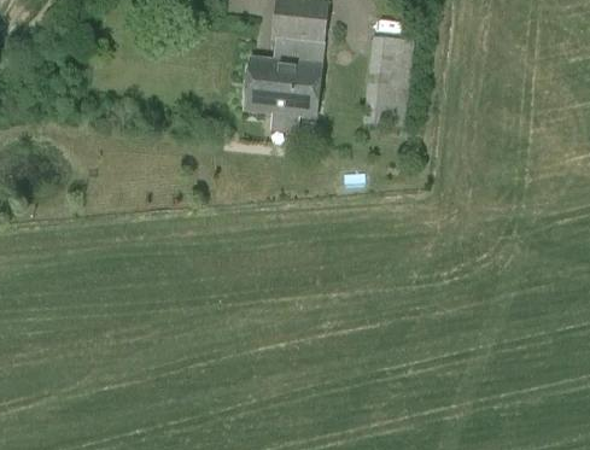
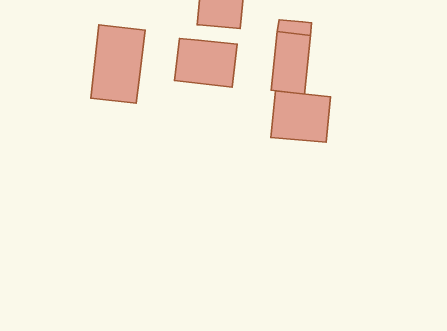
building: none -> [91,25,145,103]
building: none -> [271,91,330,142]

